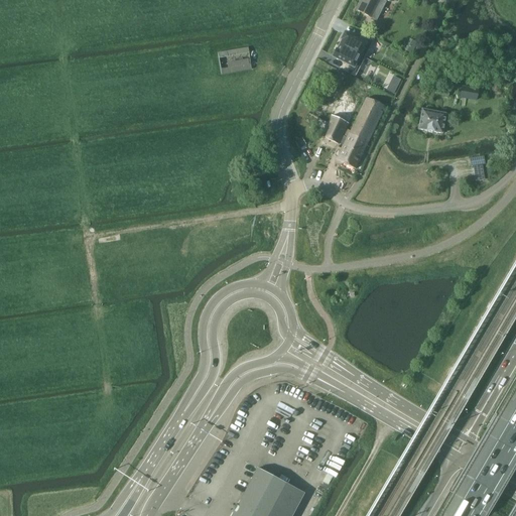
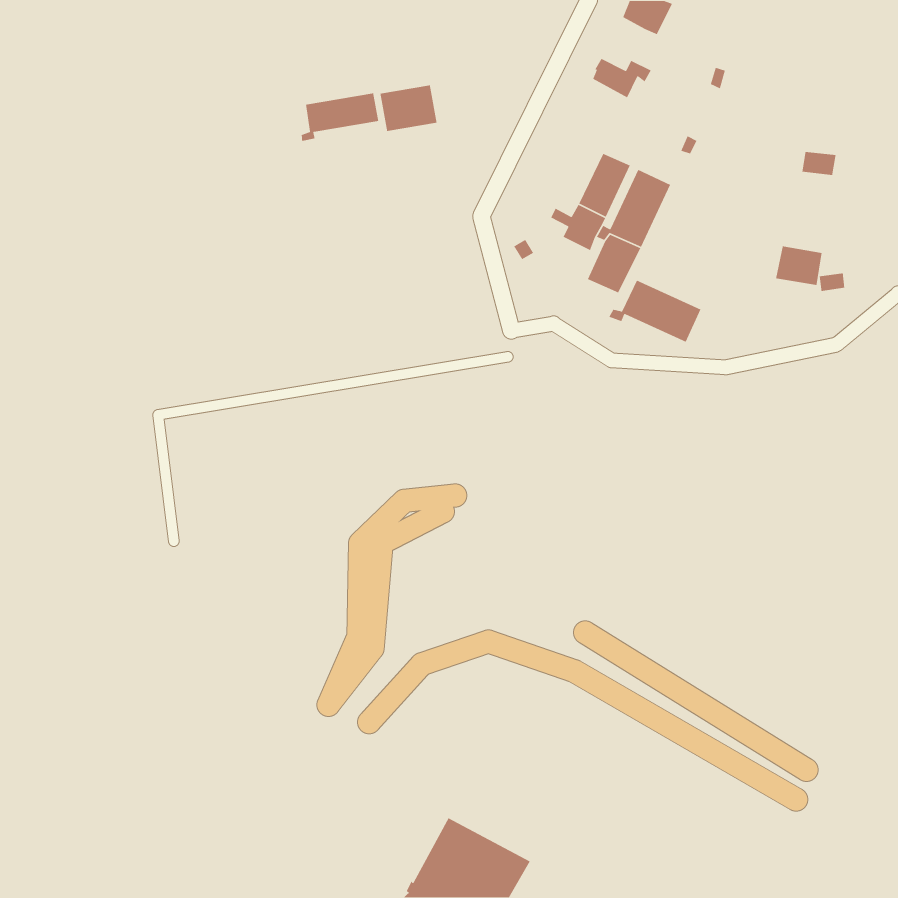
building: [332,45,360,77] -> none
building: none -> [301,92,379,142]
building: [418,110,445,133] -> [775,246,823,286]
building: none -> [608,280,701,343]

